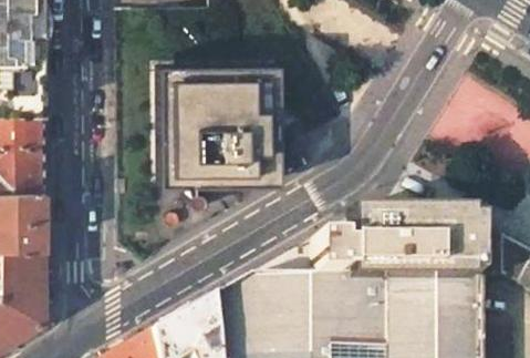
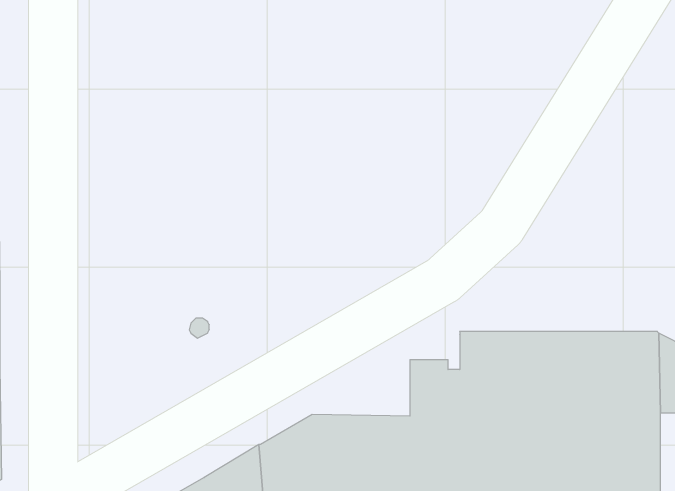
building: [162,71,269,178] -> none

